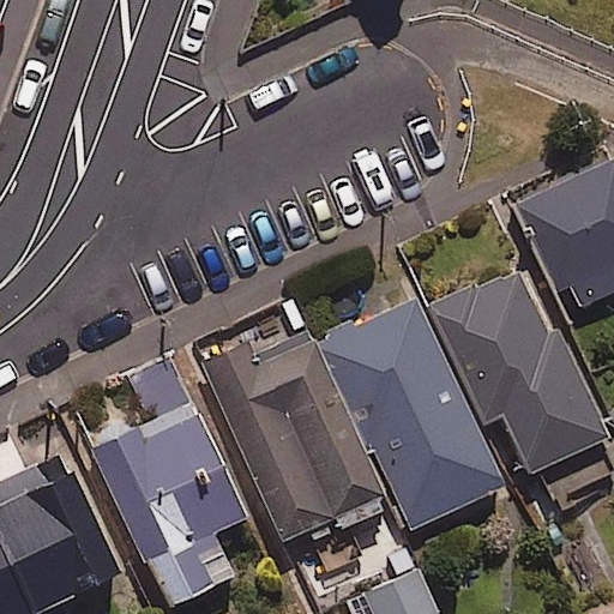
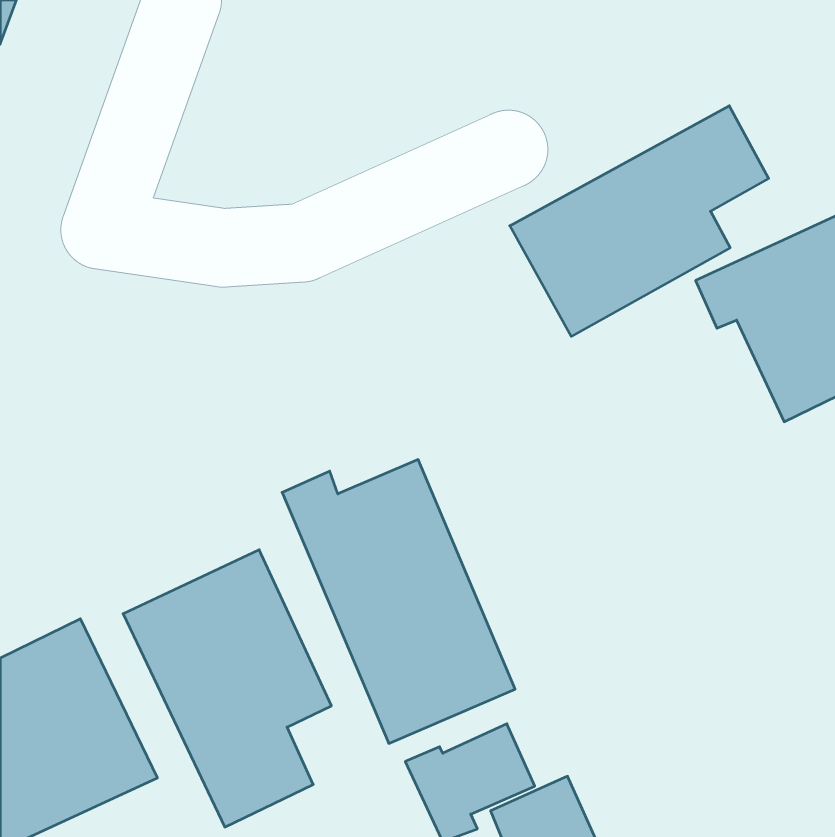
building: none -> [510,106,769,336]
building: [435,267,606,472] -> none
building: [339,299,502,528] -> none

